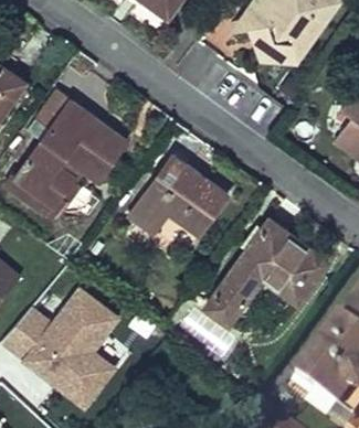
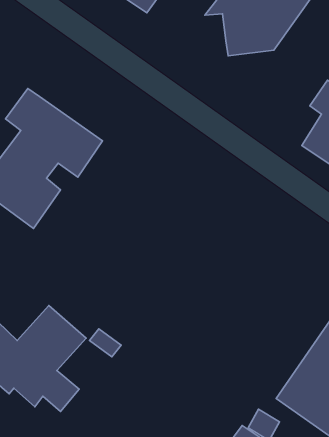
building: [119,148,237,253] -> none
building: [214,215,332,317] -> none

